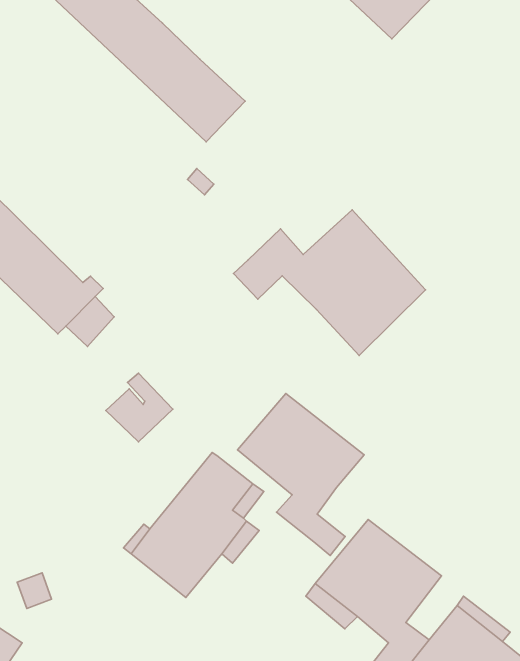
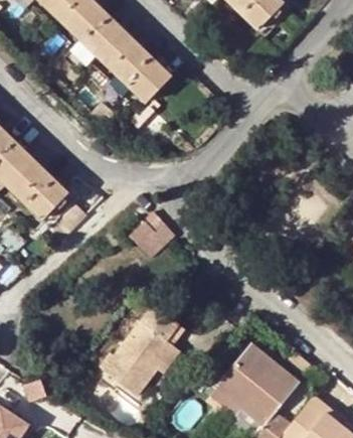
building: [234,210,425,355] -> none
building: [106,373,173,442] -> [131,214,174,259]
building: [238,394,364,555] -> none

